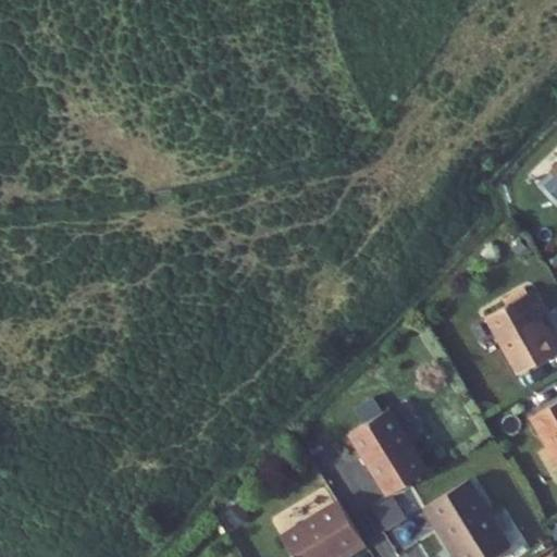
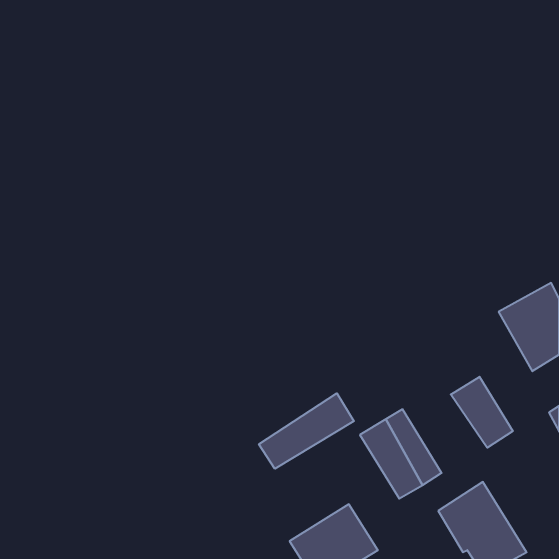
building: none -> [451,377,513,448]
building: none -> [259,393,354,469]

